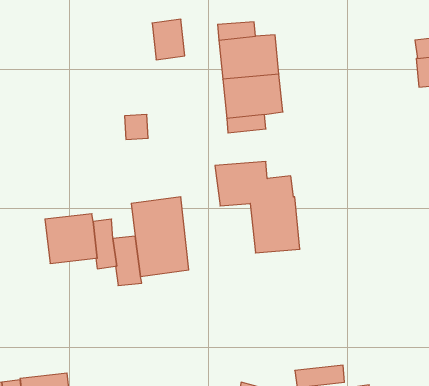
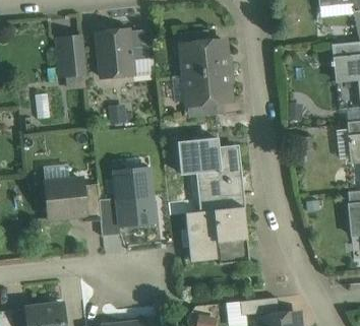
building: none -> [97,29,132,78]
building: none -> [53,35,84,78]
building: none -> [185,207,249,264]

